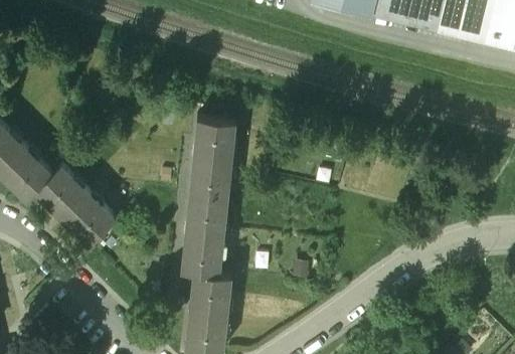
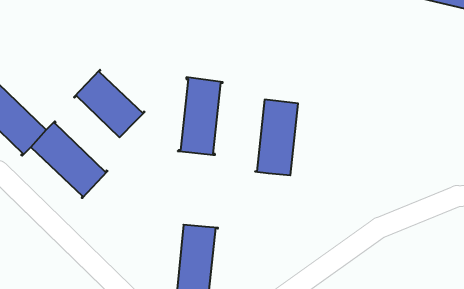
building: none -> [74,70,145,137]
building: [181,191,226,271] -> [255,100,298,175]

